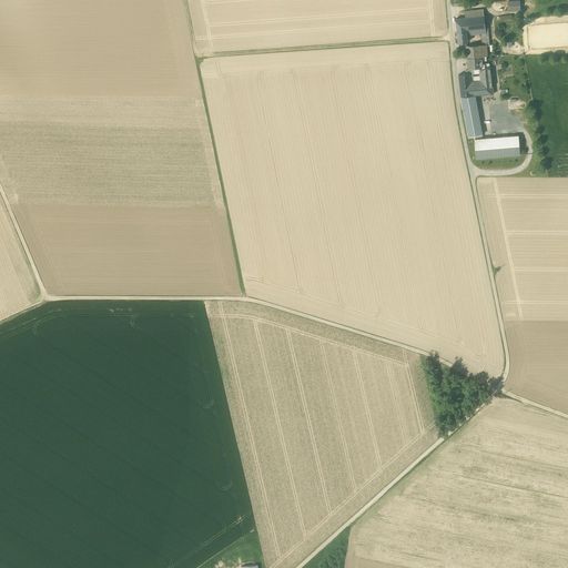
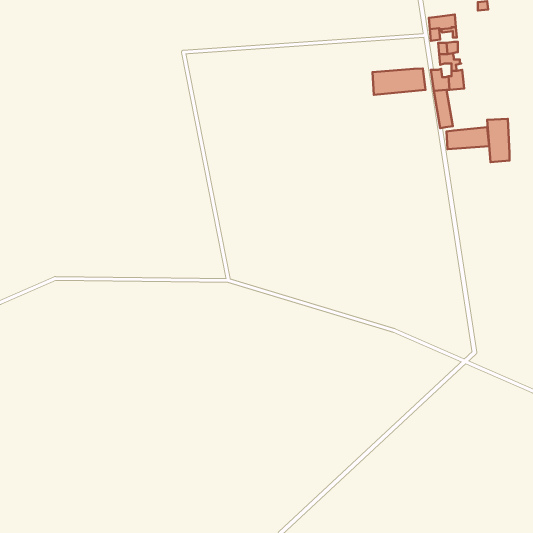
building: none -> [372,69,425,95]
building: none -> [487,119,510,162]

